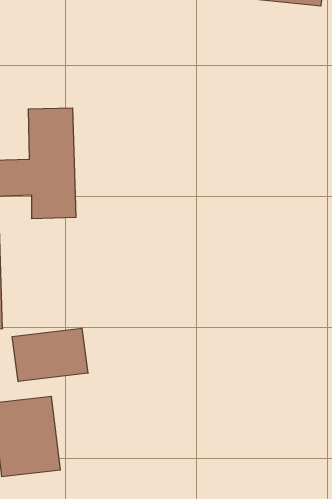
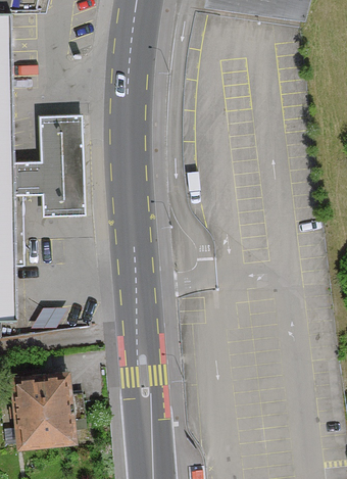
building: [12,328,88,382] -> none

